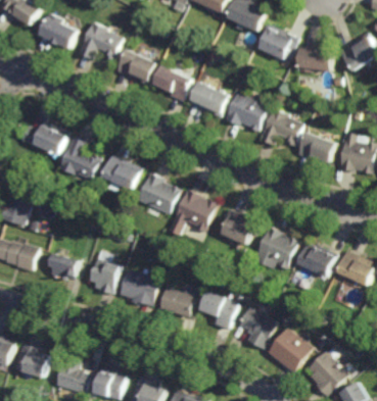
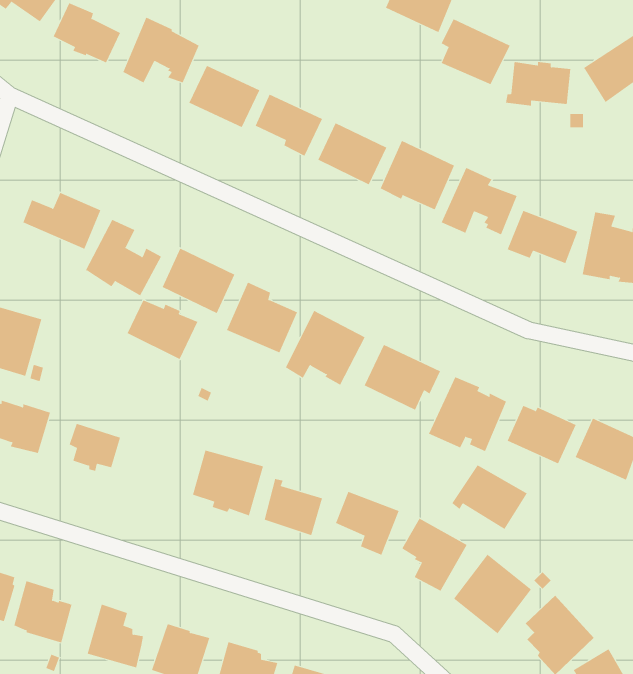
building: none -> [127,300,198,360]
building: [88,258,119,294] -> none
building: none -> [451,464,528,530]

